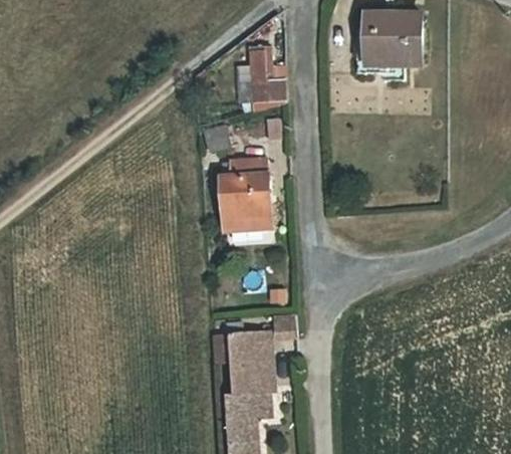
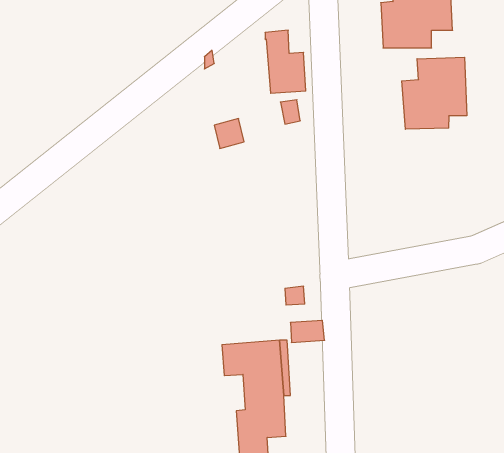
building: none -> [402,57,467,129]
building: [222,167,270,237] -> none

